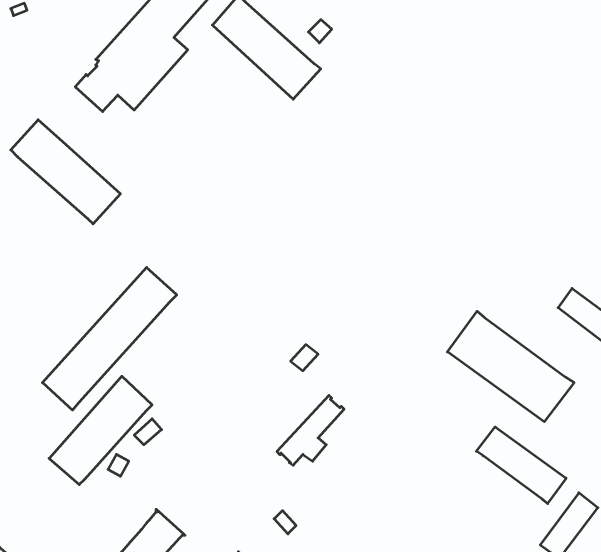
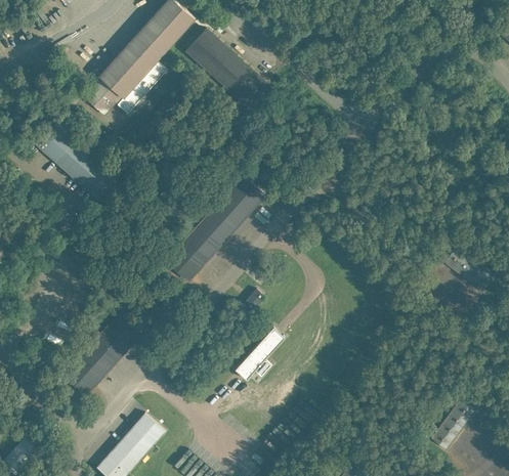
building: [42,267,177,410] -> [165,175,265,282]
building: [447,311,574,422] -> none
building: [476,427,566,504] -> none

